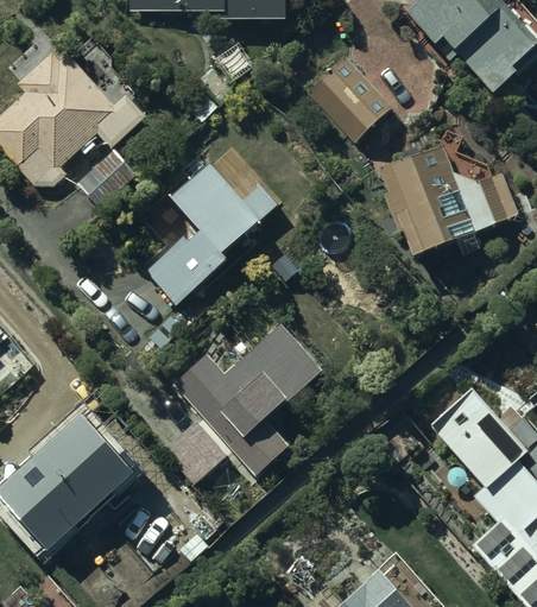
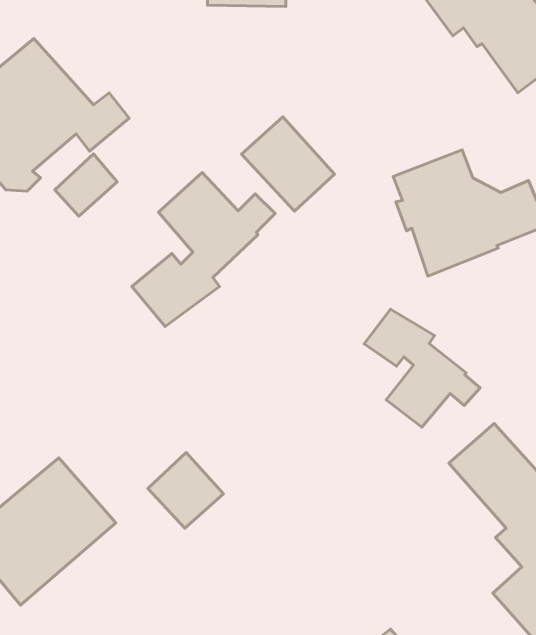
building: [309,52,392,137] -> [242,117,334,211]
building: none -> [364,309,480,427]
building: [175,325,320,472] -> none

